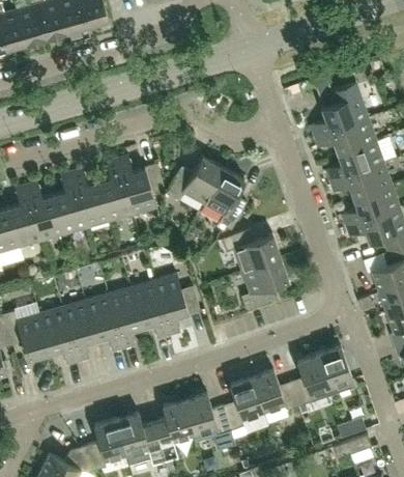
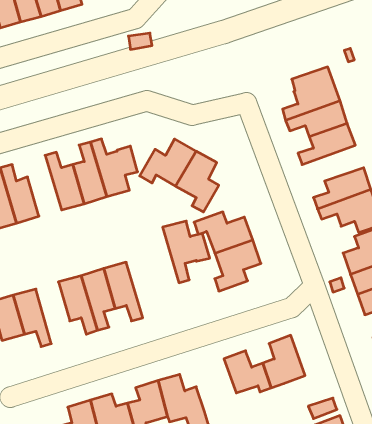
building: [329,163,392,199] -> none
building: [53,173,87,234] -> none
building: [152,275,200,337] -> [163,221,210,283]
building: [61,301,95,363] -> none
building: [318,346,354,395] -> none
building: [223,378,263,431] -> none

